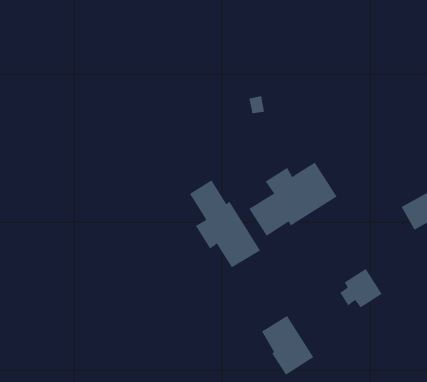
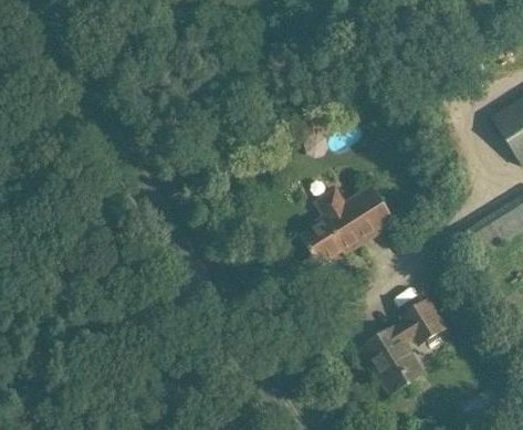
building: [189,179,261,268] -> none
building: [261,315,314,376] -> [366,326,423,391]

